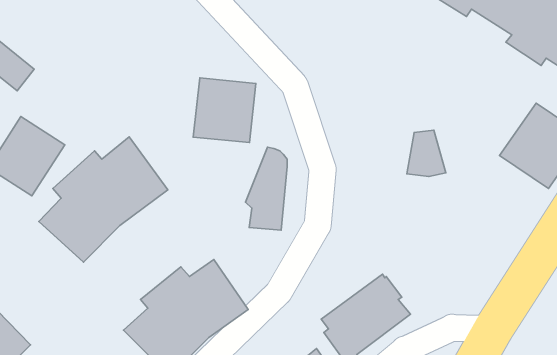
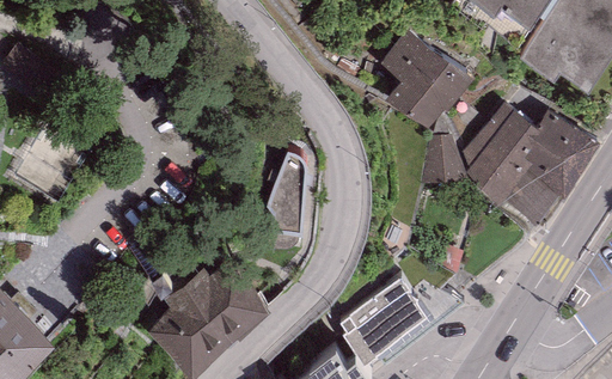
building: none -> [384,31,463,120]
building: [193,78,256,143] -> none
building: none -> [469,87,562,227]
building: [39,137,168,262] -> none

